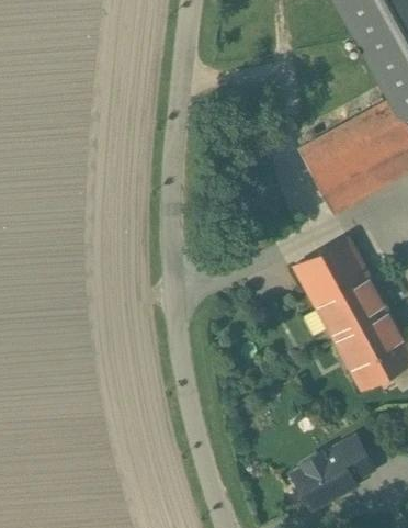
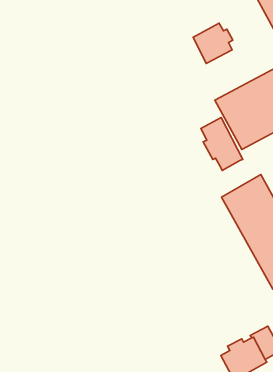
building: none -> [193,23,233,64]
building: none -> [201,118,243,170]

